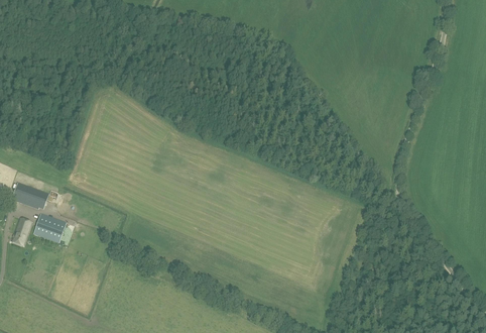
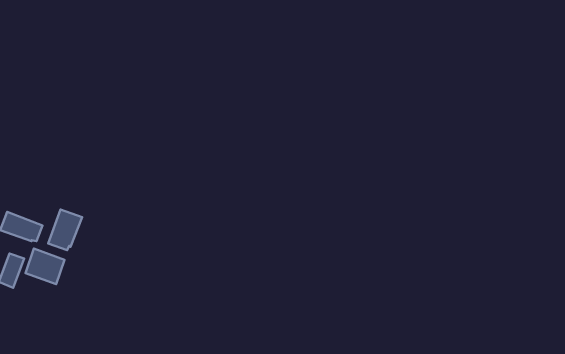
building: none -> [48,210,82,250]

